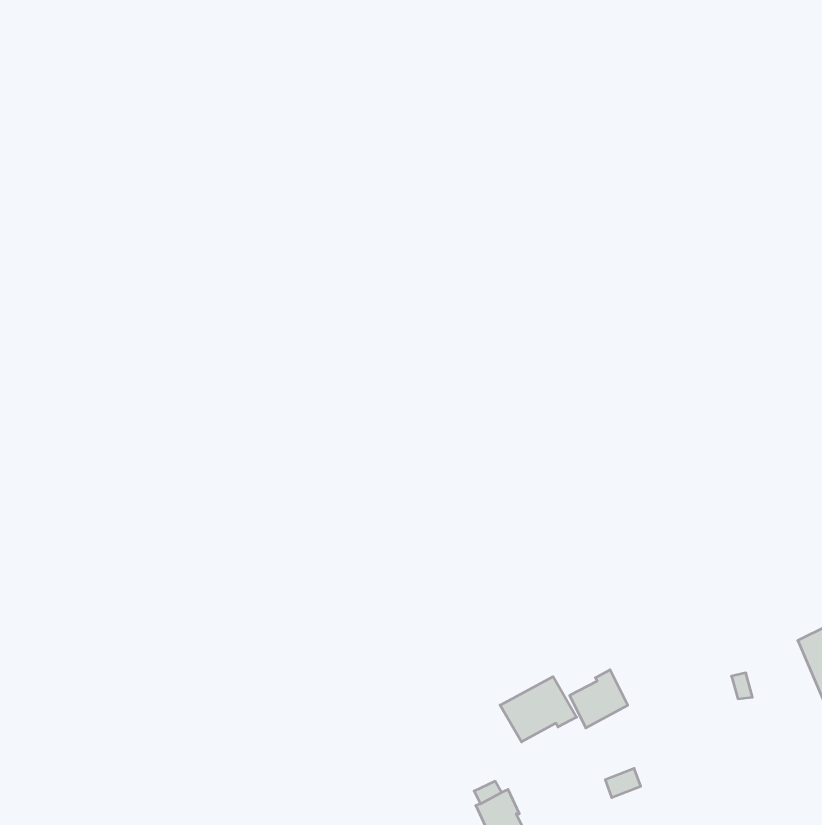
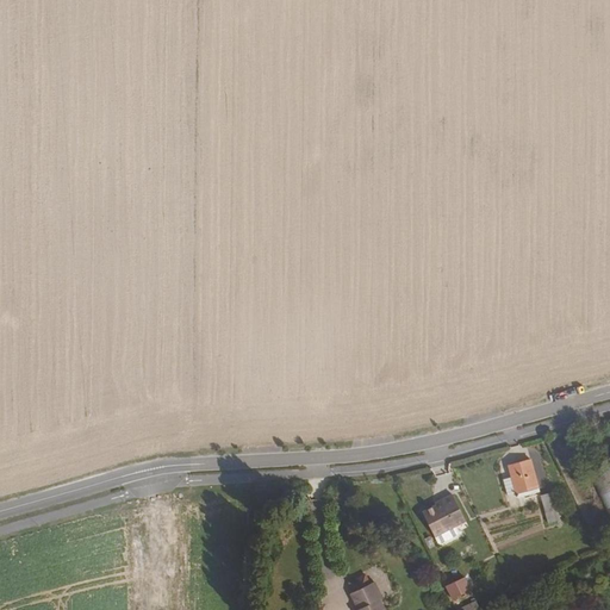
building: none -> [504,461,539,494]
building: [500,677,577,742] -> none

